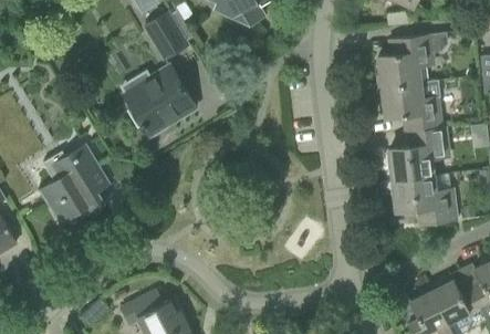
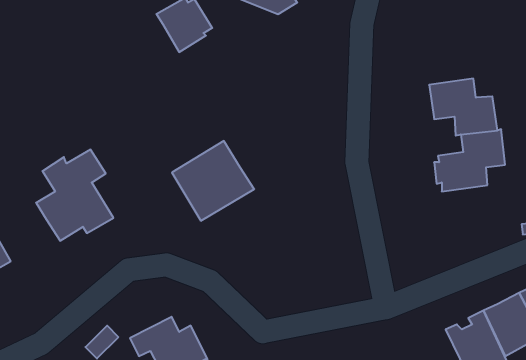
building: [378,35,434,88] -> none
building: [124,66,196,136] -> [172,141,254,221]
building: [393,176,456,225] -> none

